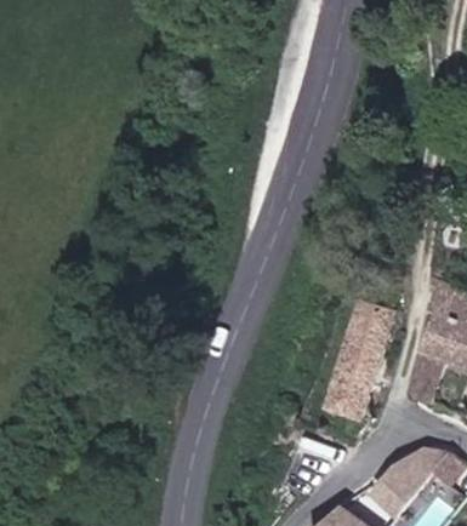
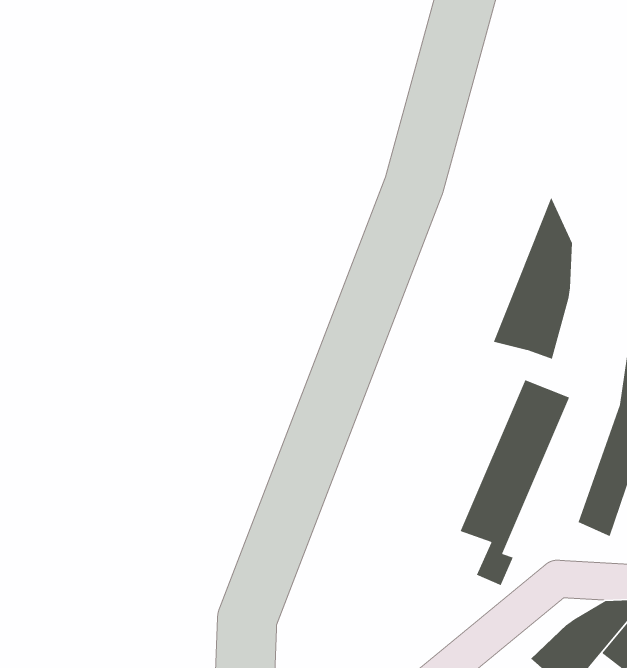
building: none -> [493,196,573,360]

